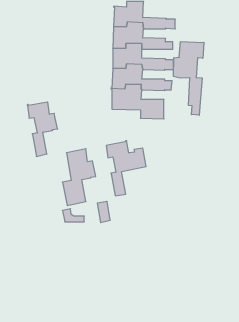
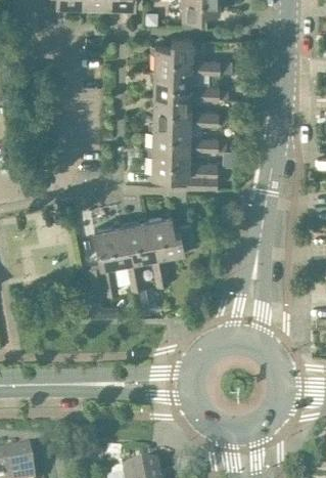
building: [173,42,204,115] -> none
building: [27,102,58,156] -> [120,221,157,290]

